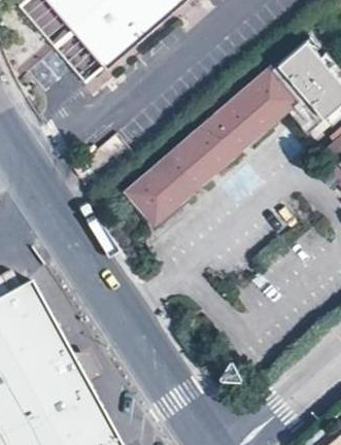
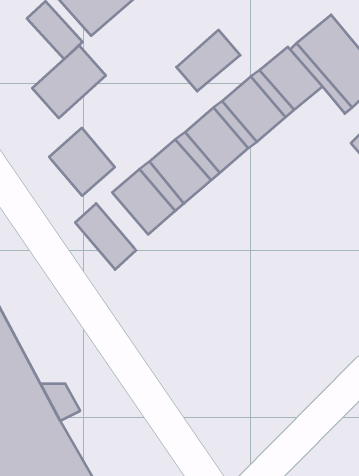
building: none -> [176,30,240,91]
building: none -> [32,45,106,118]
building: none -> [49,128,115,196]
building: none -> [75,203,136,270]

